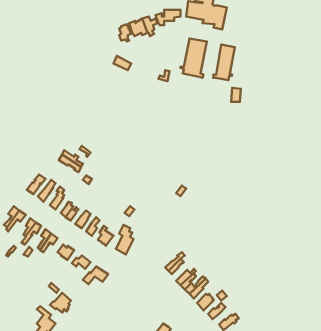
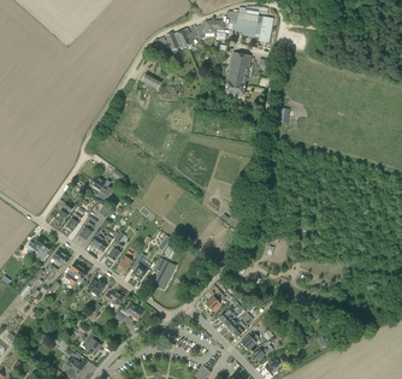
building: [213,45,235,80] -> none

